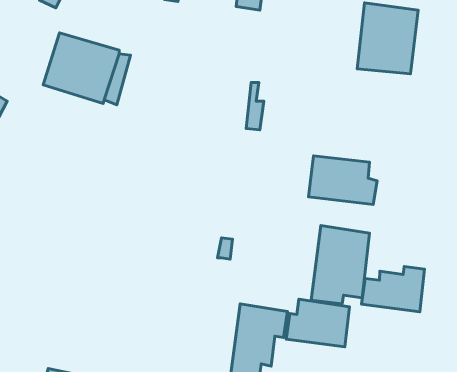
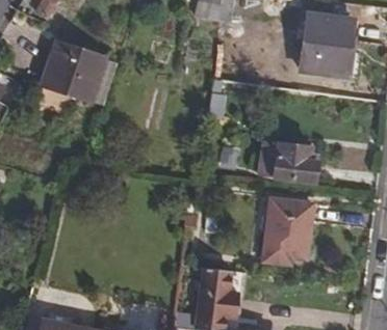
building: [362,267,425,312] -> none
building: [286,299,350,347] -> none

